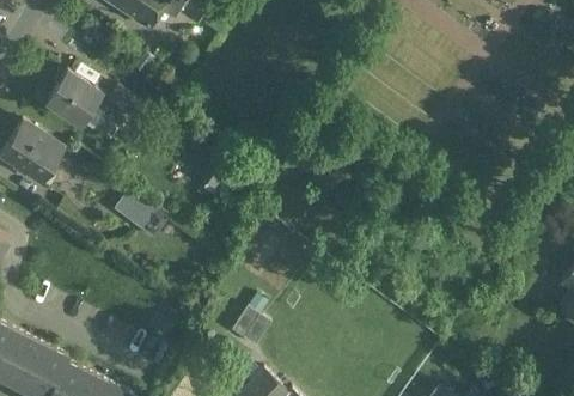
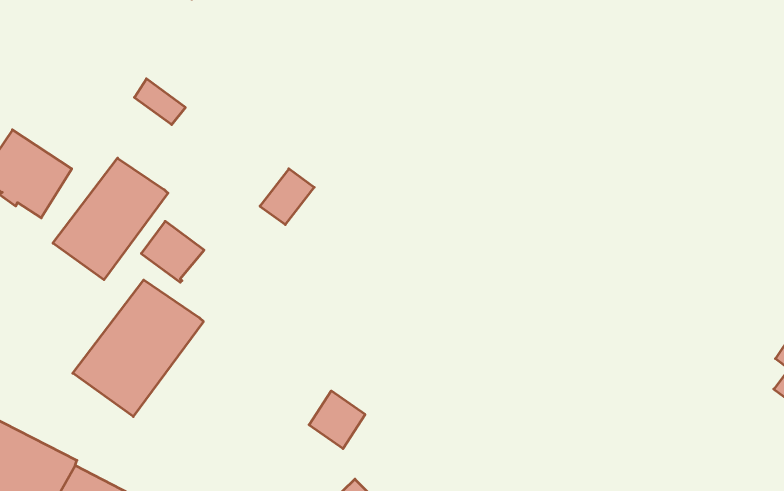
building: [47,72,102,126] -> none
building: none -> [53,158,168,280]
building: none -> [73,280,203,417]

